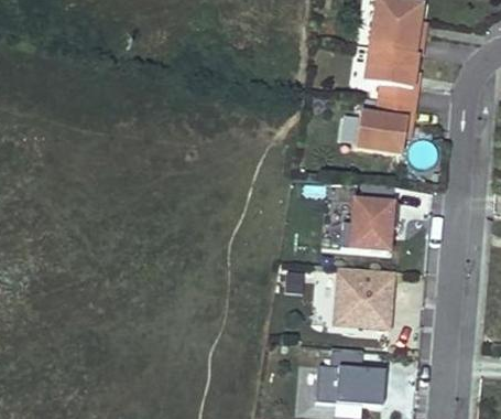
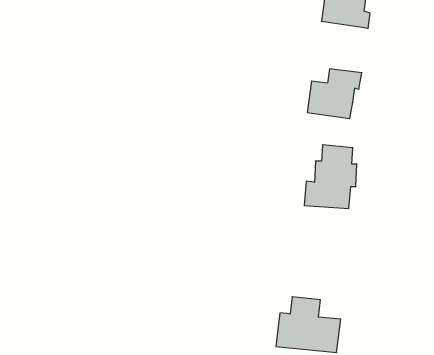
building: [363,47,415,104] -> none
building: [334,267,394,330] -> none

